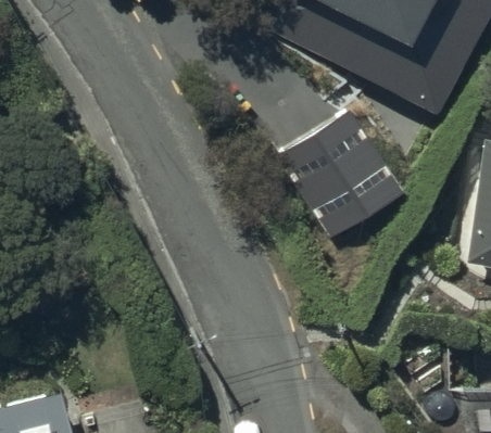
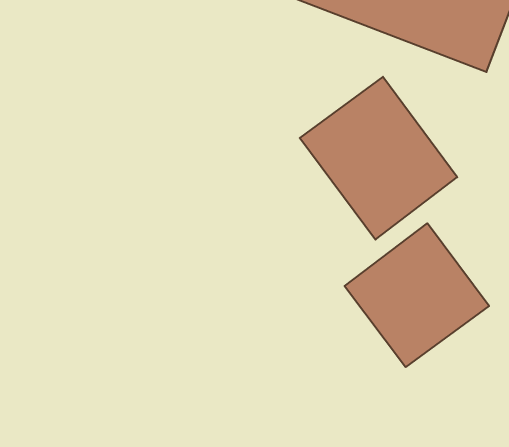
building: none -> [345,223,489,367]

